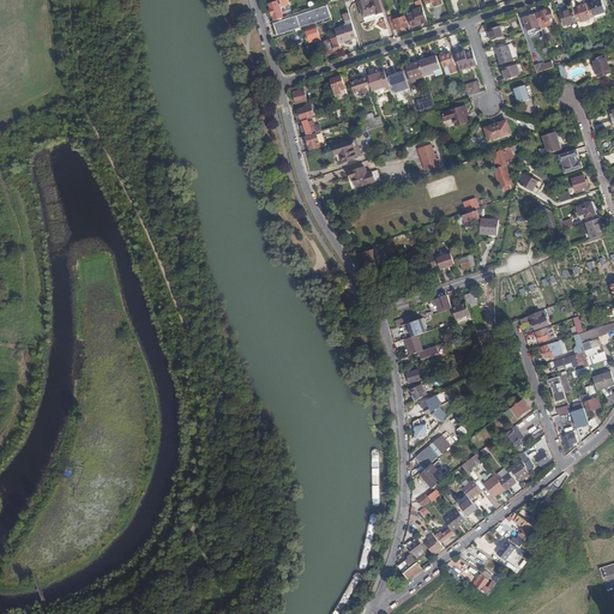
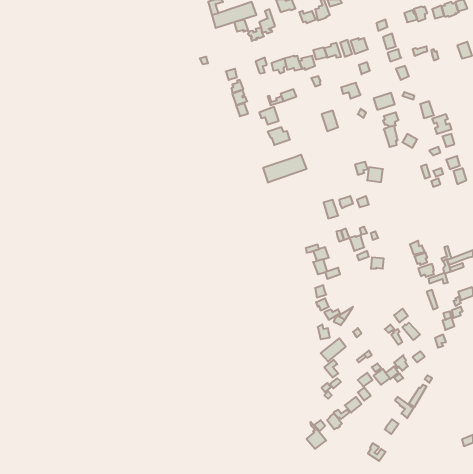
building: none -> [263,155,307,183]

